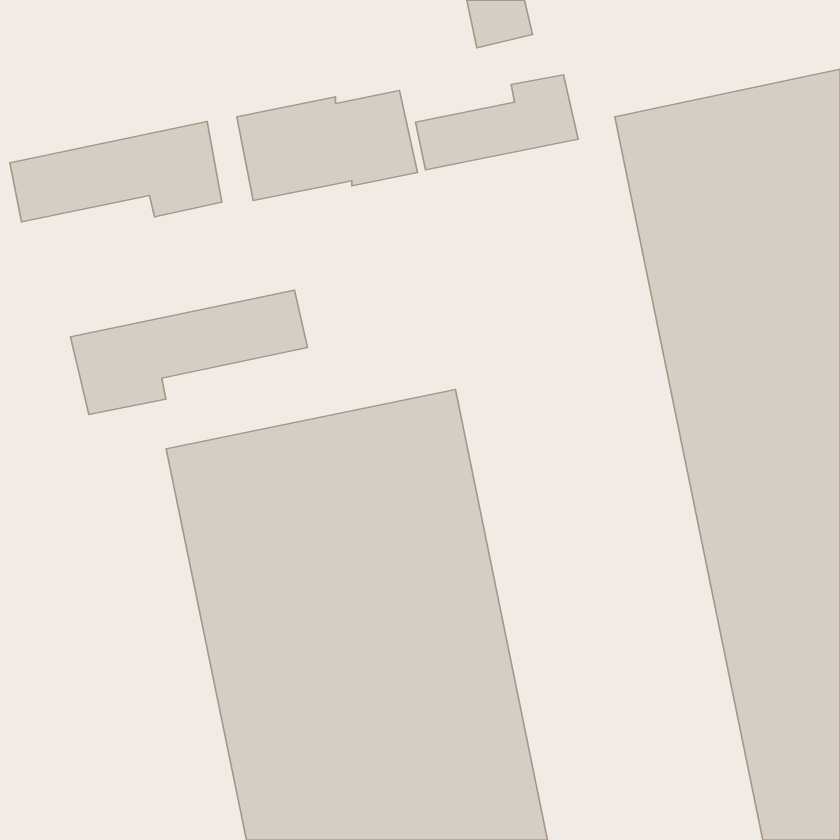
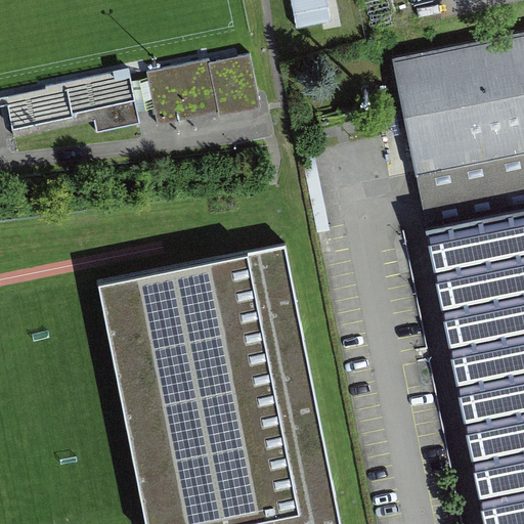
building: [415,75,578,170] -> none
building: [70,290,307,415] -> none

